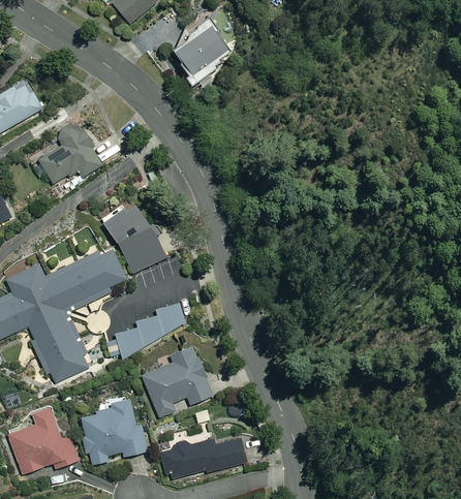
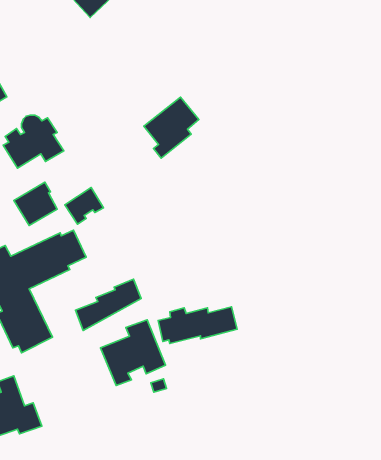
building: [173,22,232,87] -> [144,97,199,158]
building: [118,226,164,273] -> [14,182,57,226]
building: [82,397,149,465] -> none
building: [160,438,245,477] -> [158,307,237,344]

